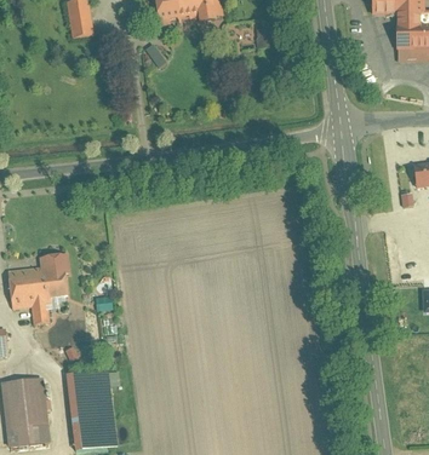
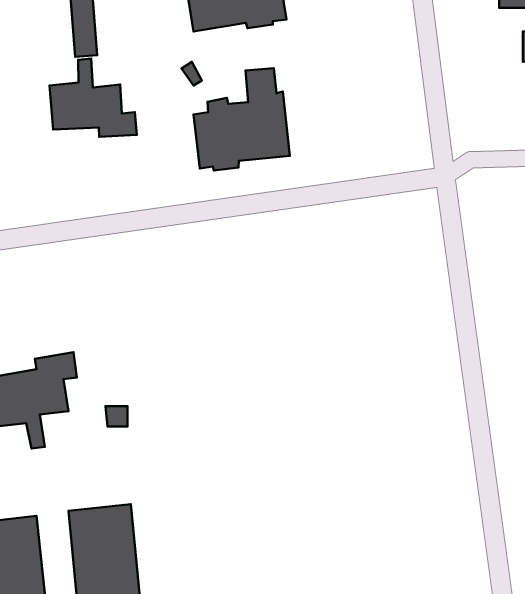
building: none -> [50,59,137,137]
building: none -> [194,68,290,171]

